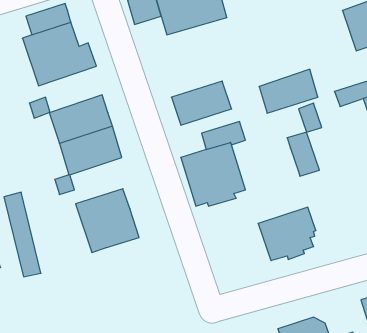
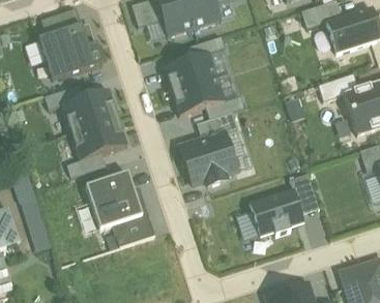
building: [259,69,318,113] -> [164,52,216,91]
building: [287,132,319,176] -> [290,175,319,214]
building: none -> [112,188,154,246]

